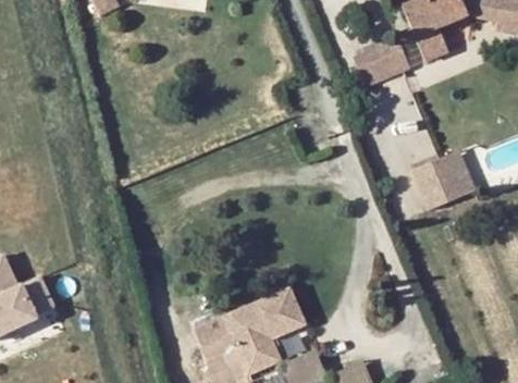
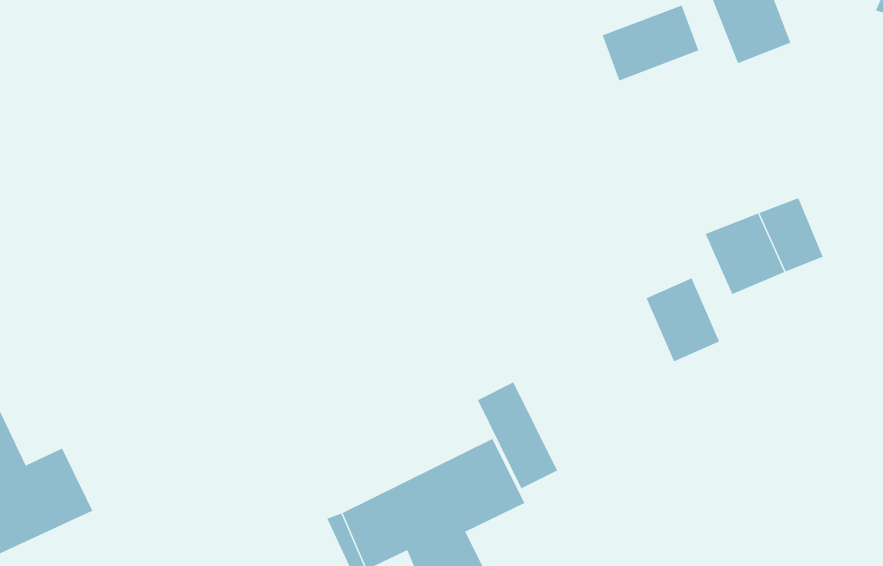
building: none -> [646,278,720,362]
building: none -> [477,382,558,489]

